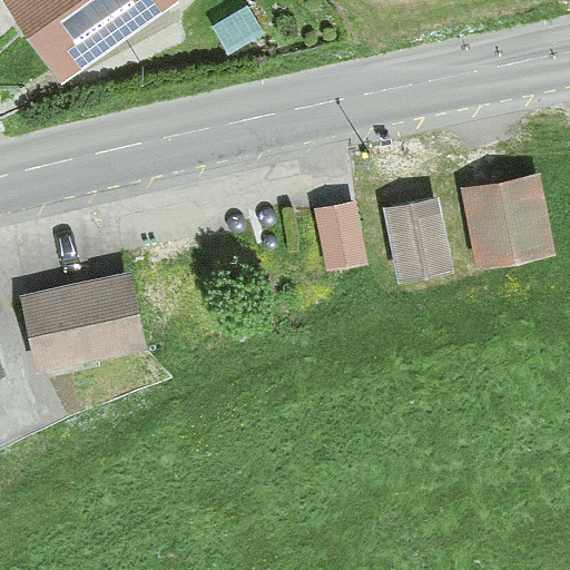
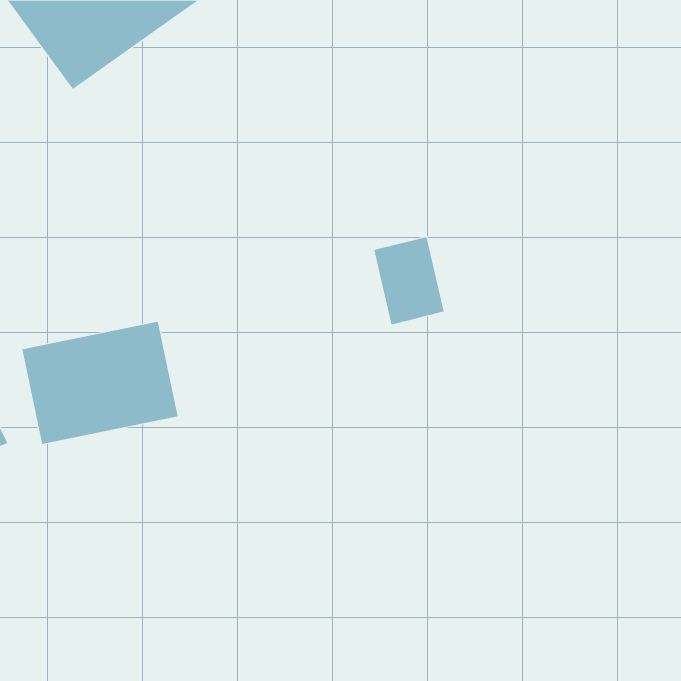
building: [454,169,556,267] -> none
building: [382,197,456,284] -> none

